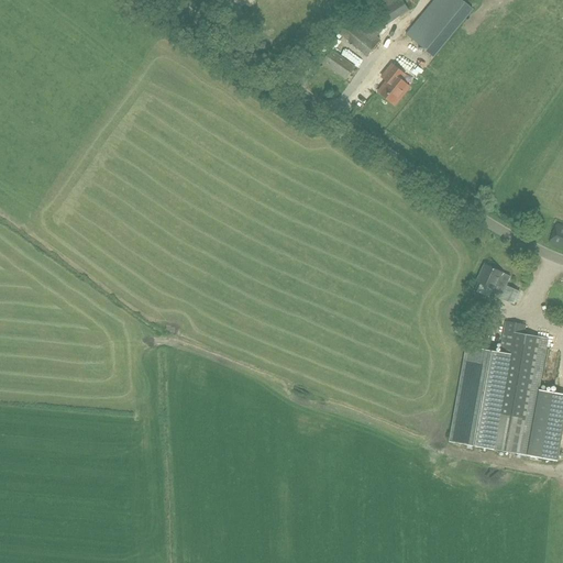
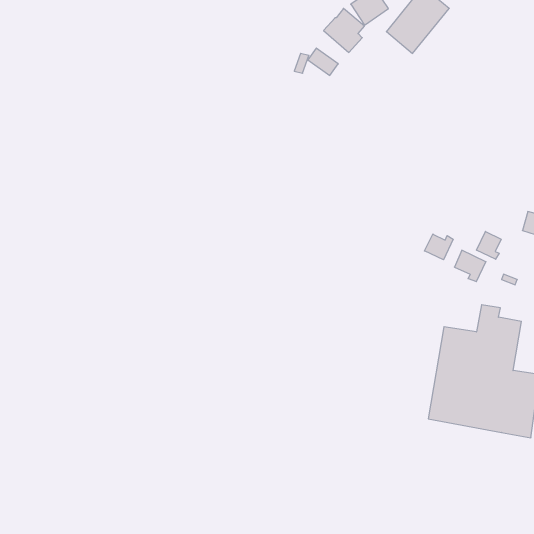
building: [380,63,410,103] -> none
building: none -> [477,231,501,259]
building: none -> [424,234,453,260]

